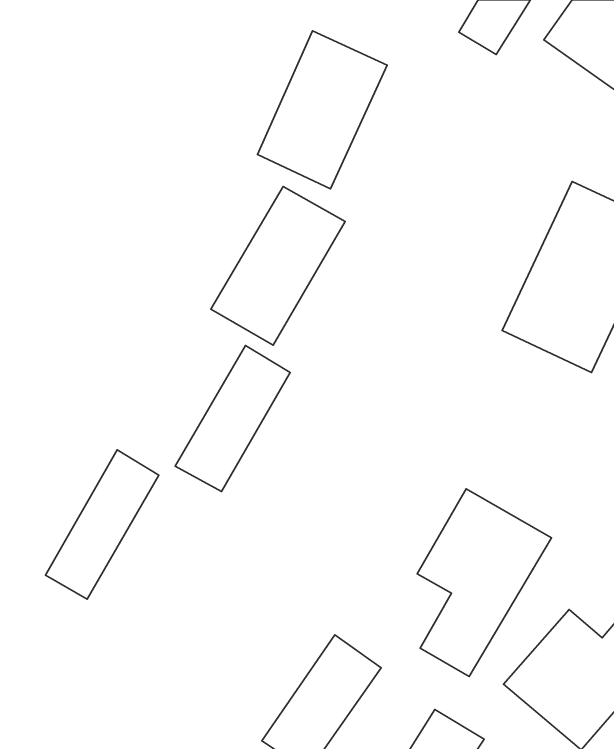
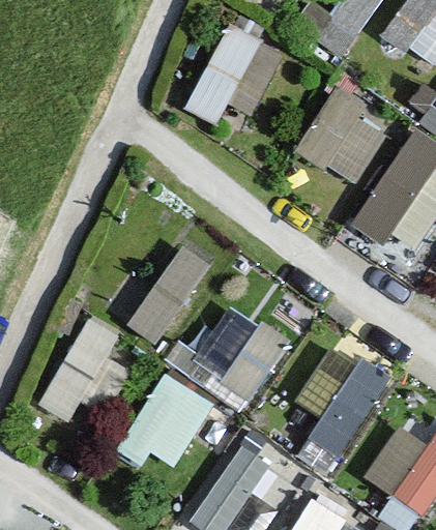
building: none -> [299,94,387,183]
building: [211,187,345,345] -> none
building: none -> [196,304,288,395]
building: none -> [119,372,214,473]

